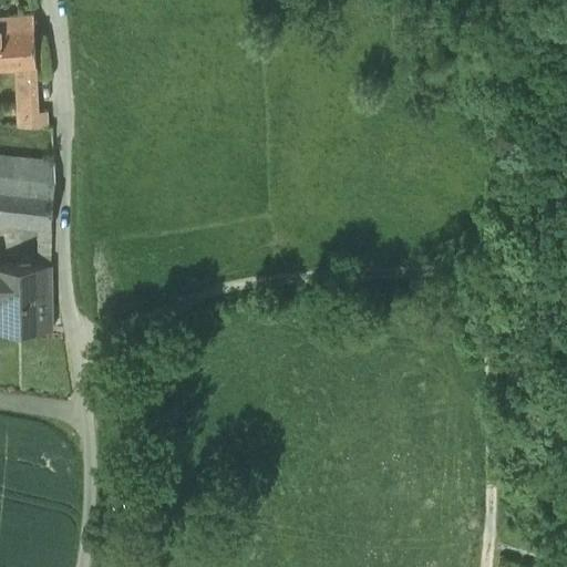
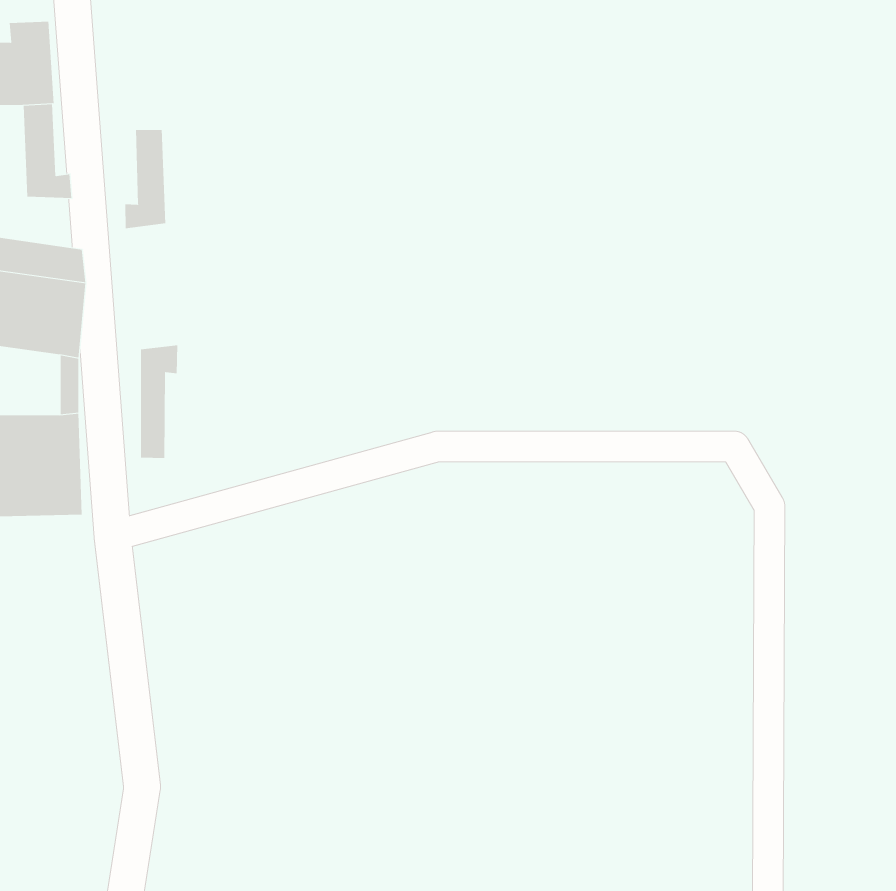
building: none -> [125,129,166,229]
building: none -> [141,345,178,459]

